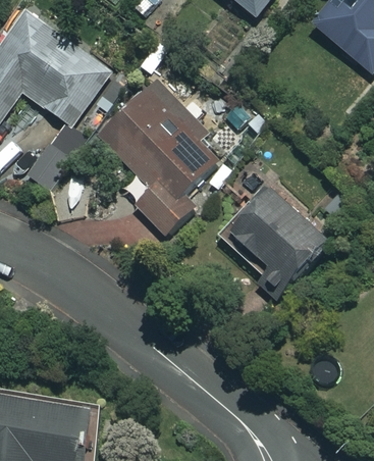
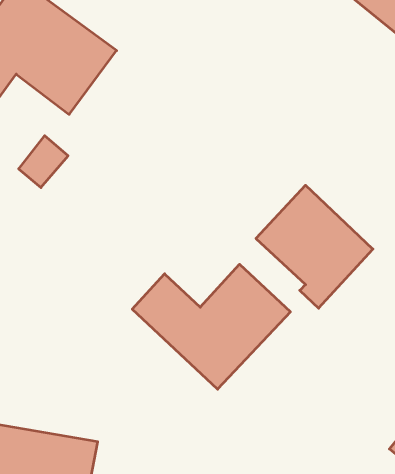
building: [101,82,232,237] -> none
building: none -> [132,264,290,389]

